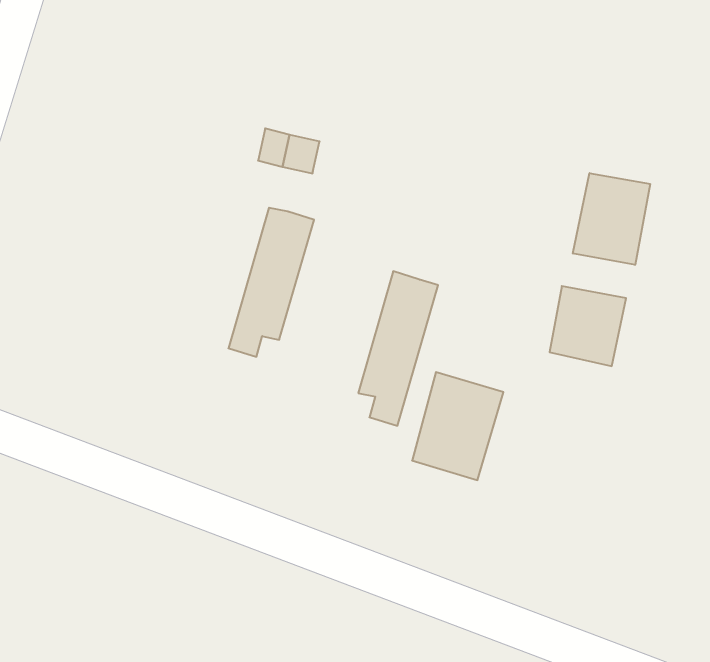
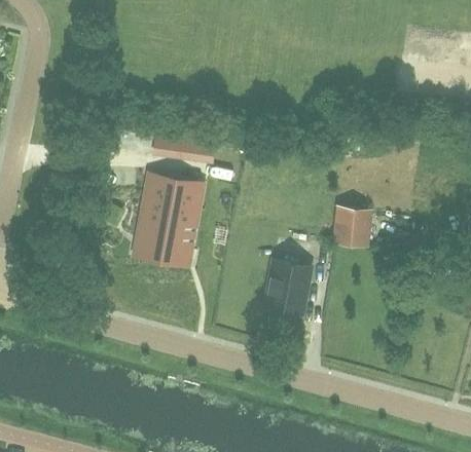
building: [573,173,650,265] -> none
building: [358,271,438,426] -> [139,175,176,257]

